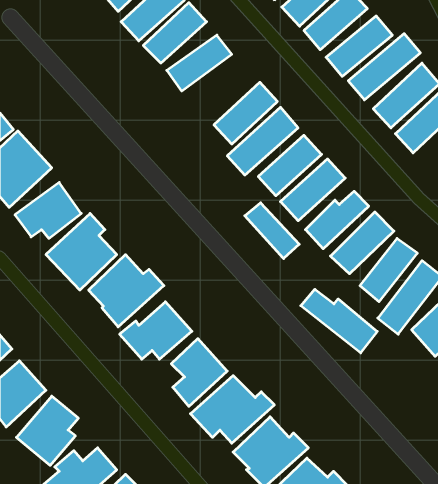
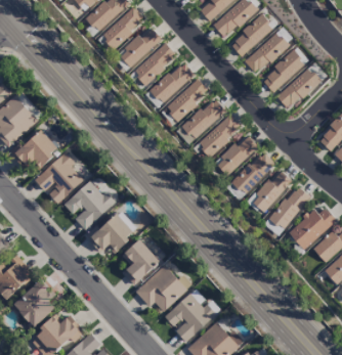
building: none -> [133,42,176,85]
building: [245,203,299,259] -> none
building: [301,289,377,353] -> none

